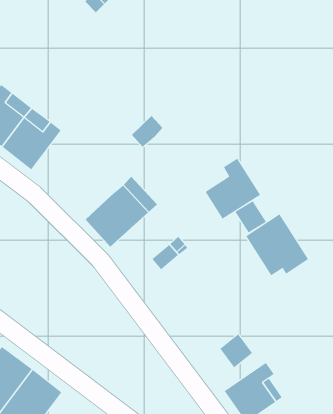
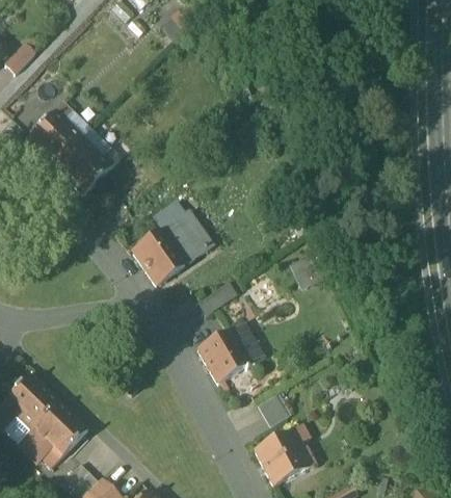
building: [131,115,163,147] -> [152,199,186,231]
building: [205,158,261,220] -> none
building: [246,214,309,276] -> none
building: none -> [196,319,264,383]

